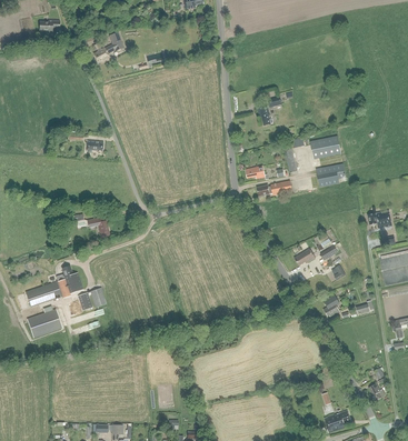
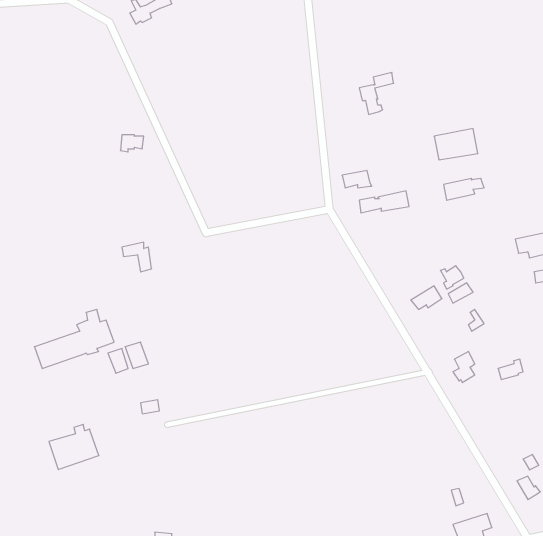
building: [27,305,62,338] -> [49,424,99,470]

